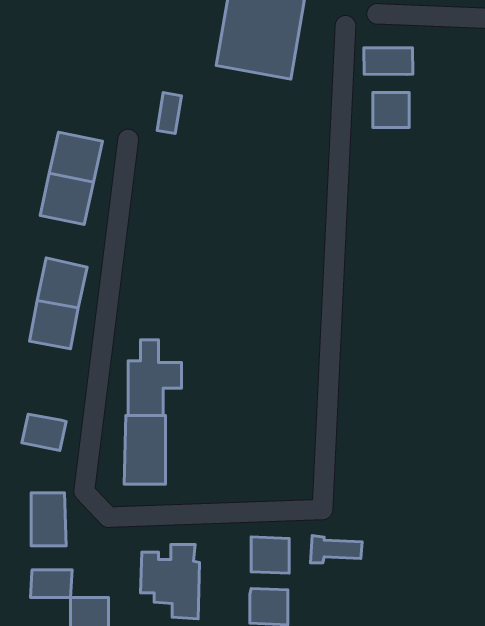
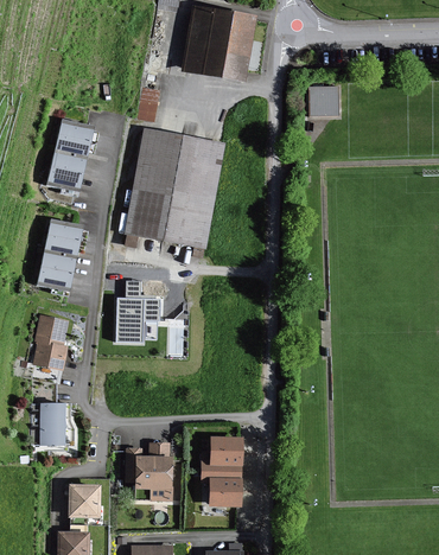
building: [364,48,413,75] -> none
building: none -> [126,129,221,245]
building: none -> [34,315,68,345]
building: [124,416,166,484] -> none
building: [311,536,362,563] -> [201,460,241,481]
building: [31,570,72,597] -> none

